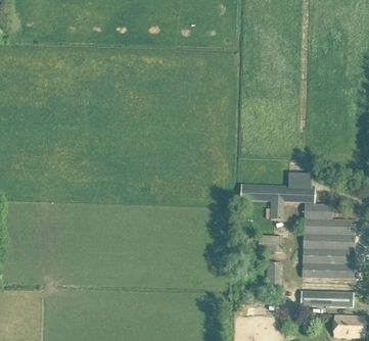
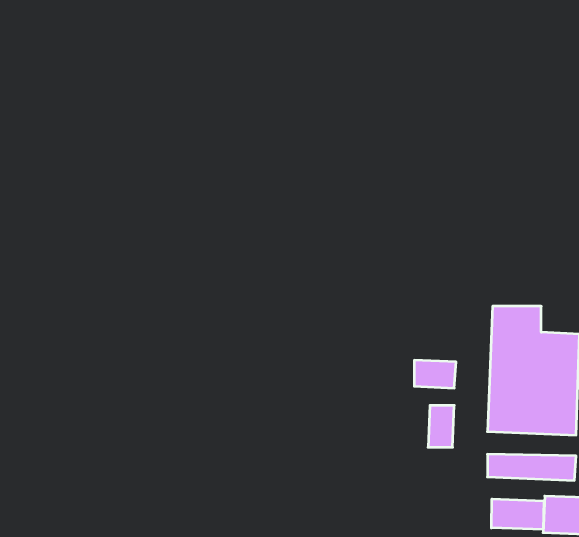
building: [240,184,314,218] -> none
building: none -> [491,499,544,530]

